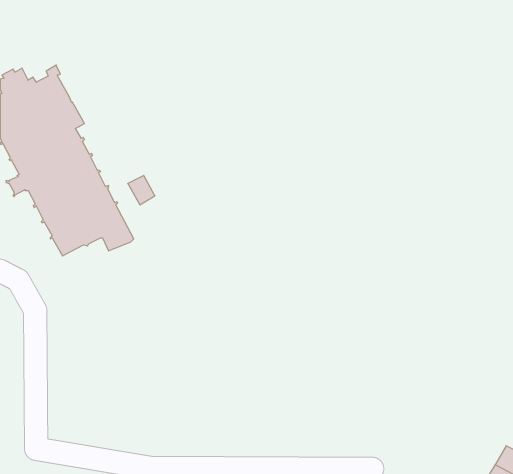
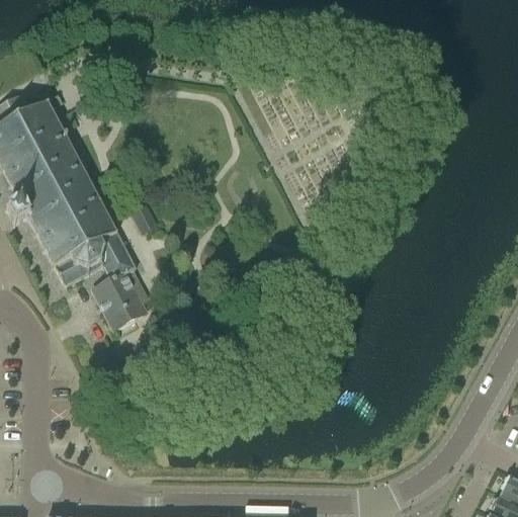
building: none -> [93,272,147,331]

